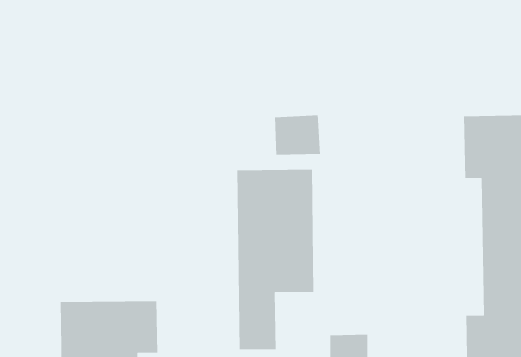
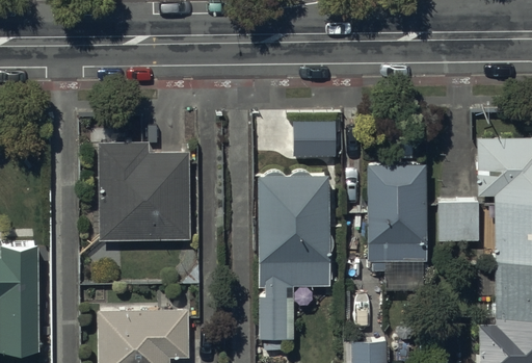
building: none -> [98,141,189,239]
building: none -> [365,157,423,256]
building: none -> [436,199,477,240]

